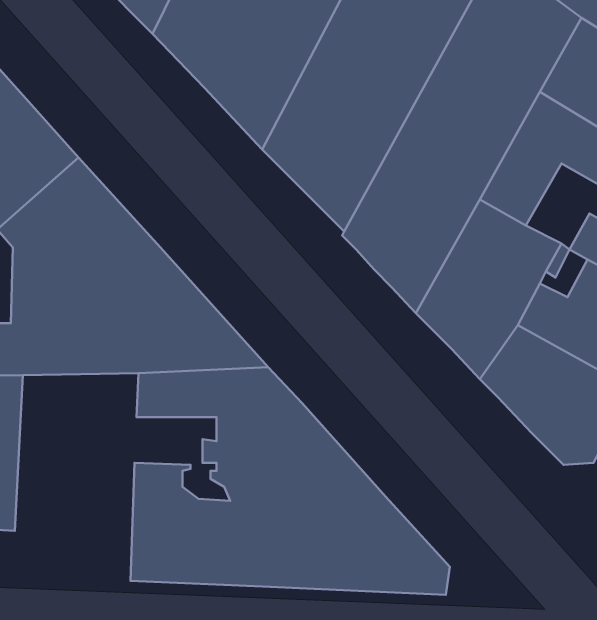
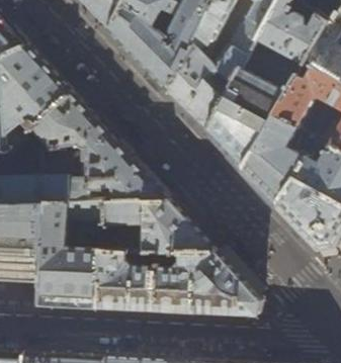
building: none -> [40,205,104,310]

